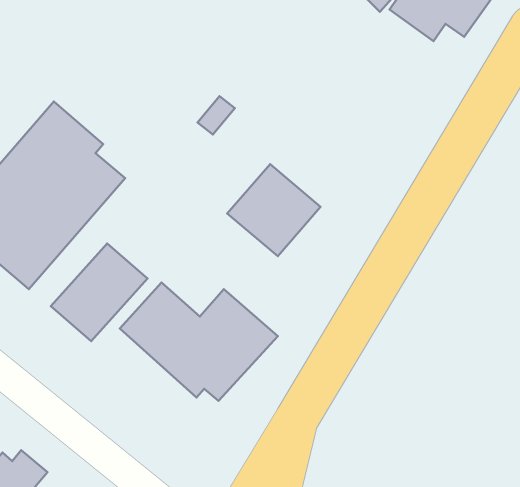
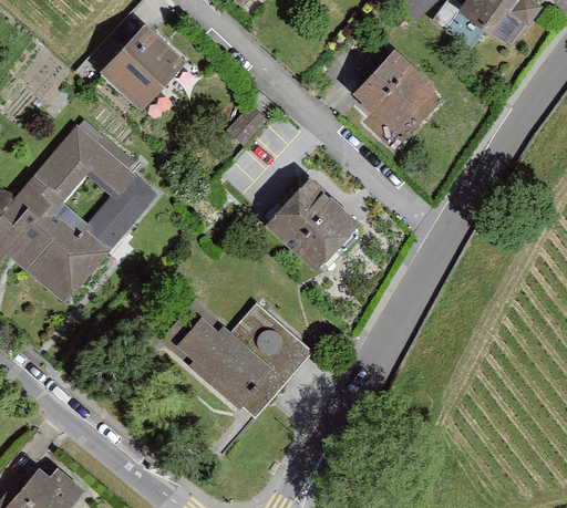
building: none -> [97,21,184,107]
building: none -> [357,53,442,137]
building: [51,244,147,341] -> none

